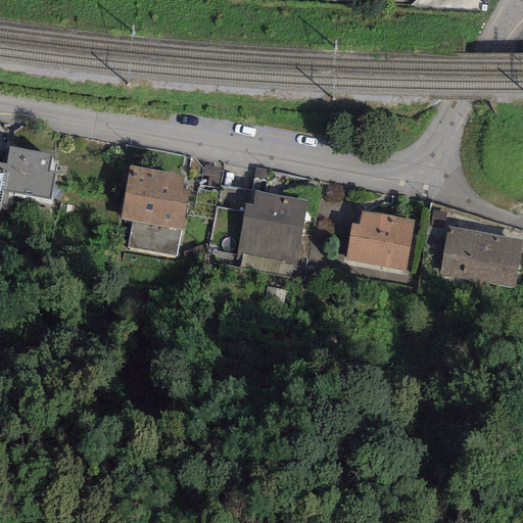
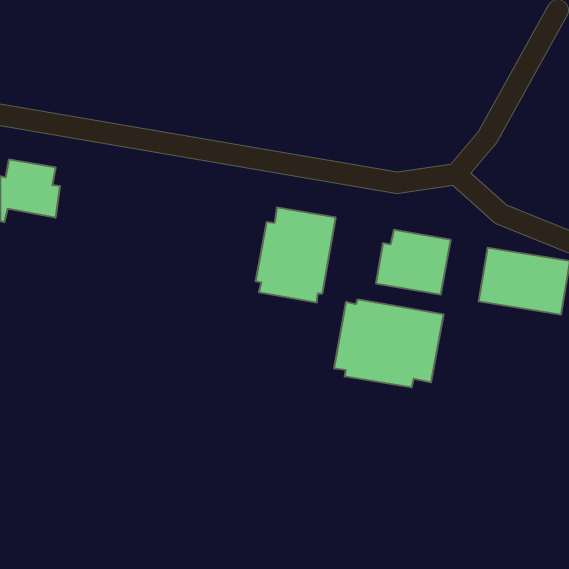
building: [120,164,189,255] -> none
building: none -> [334,299,443,388]

